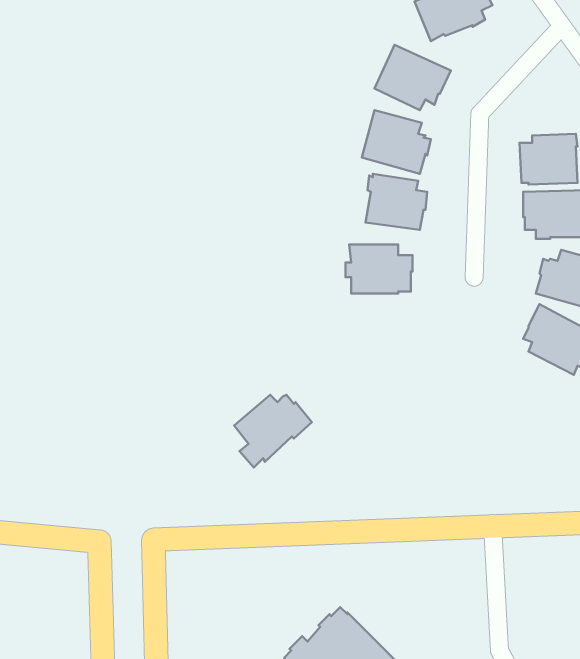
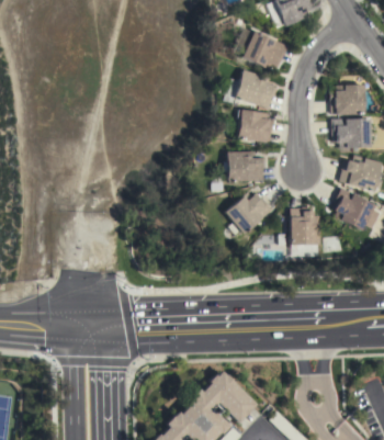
building: none -> [291,207,321,257]
building: [234,395,312,467] -> [226,193,273,237]

